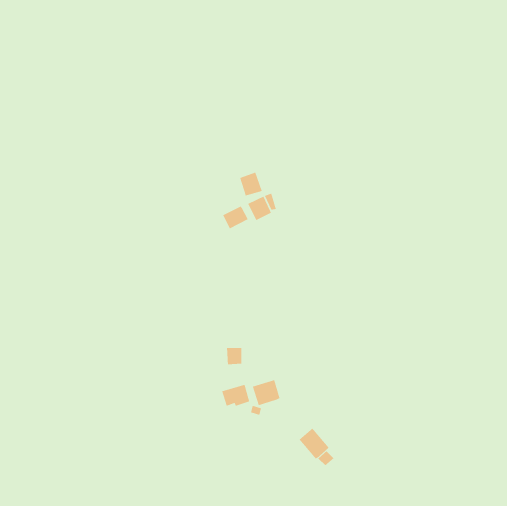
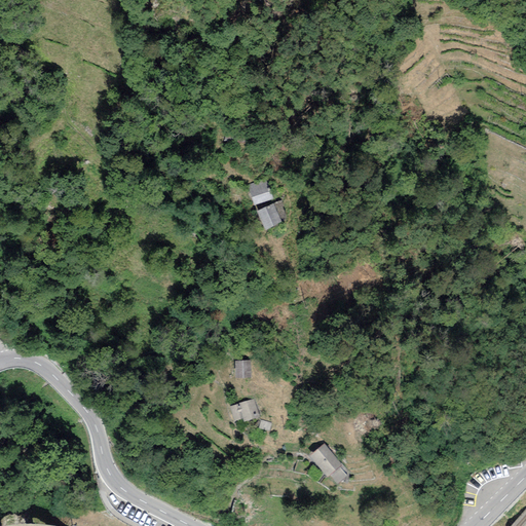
building: [222,206,249,229] -> none
building: [252,379,281,406] -> none

